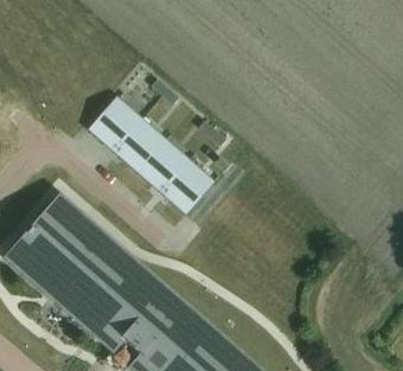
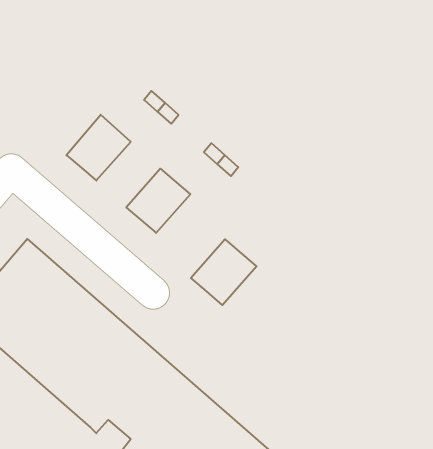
building: [113,119,164,171] -> none
building: [160,160,212,212] -> [191,239,257,305]

